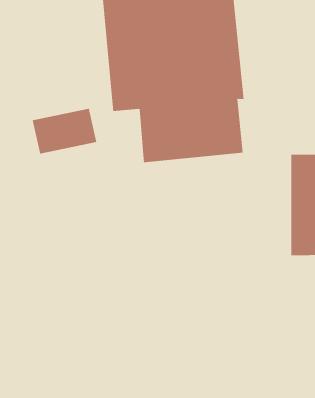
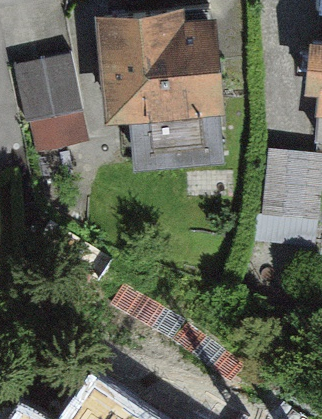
building: none -> [13,55,83,123]

